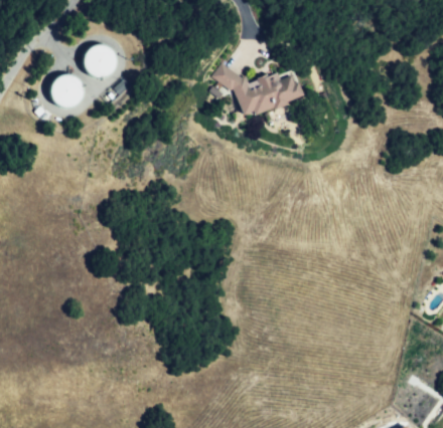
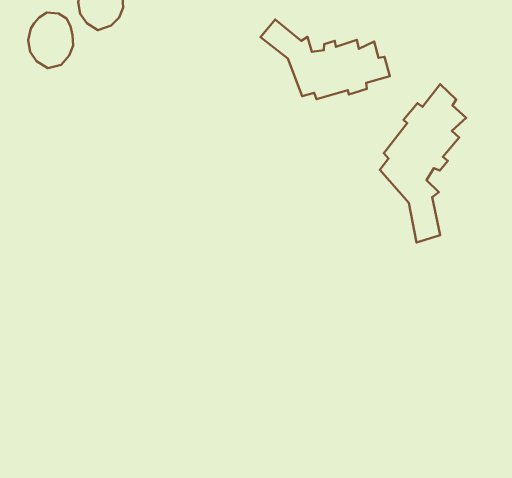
building: none -> [380,84,466,243]

